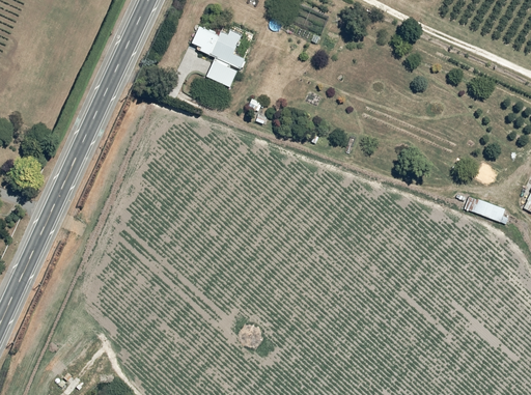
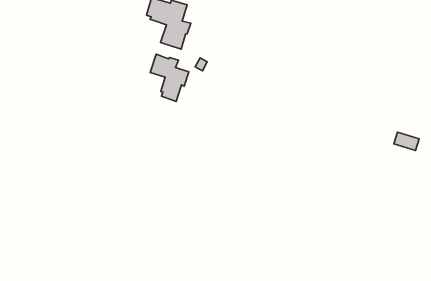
building: none -> [150,54,189,101]

